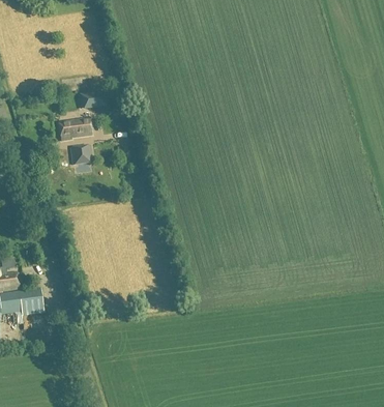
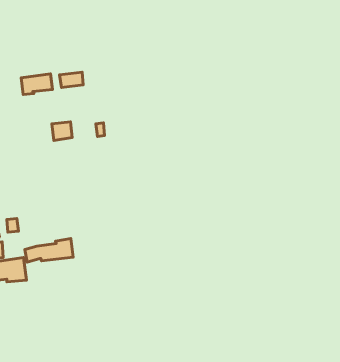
building: [58,119,91,141] -> [21,74,52,94]
building: none -> [25,239,73,262]

